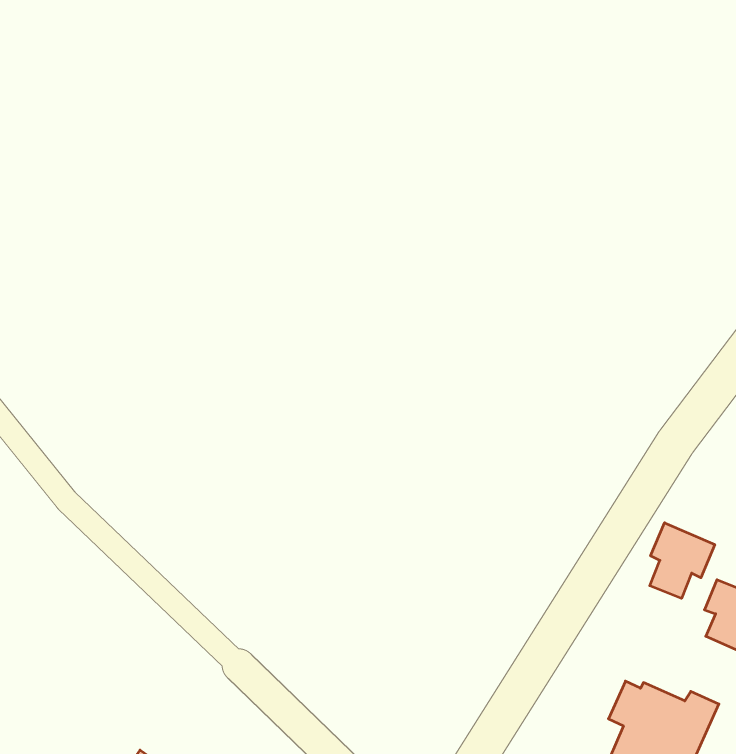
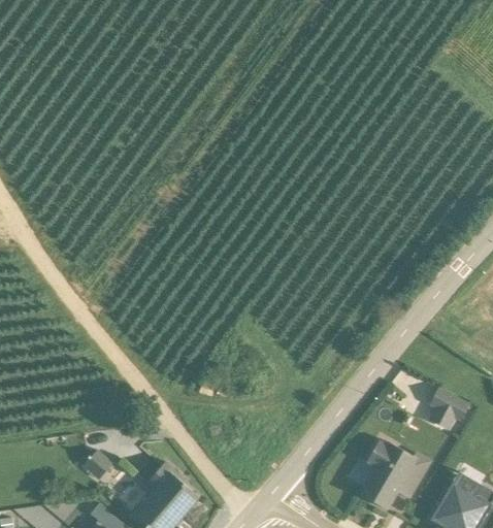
building: [650,523,715,598] -> none

